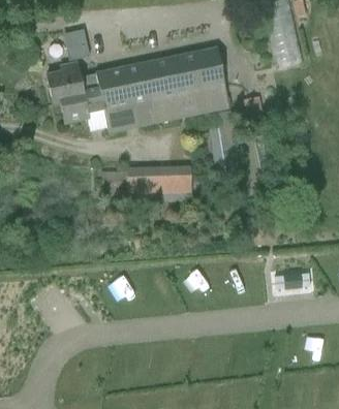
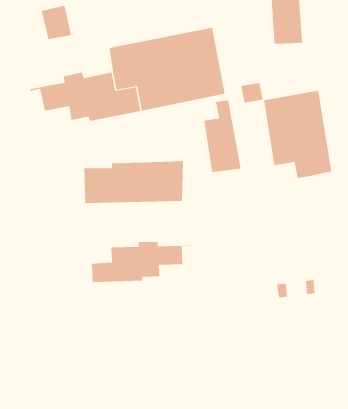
building: [47,62,127,101] -> none
building: none -> [263,90,332,179]
building: none -> [91,241,193,283]

